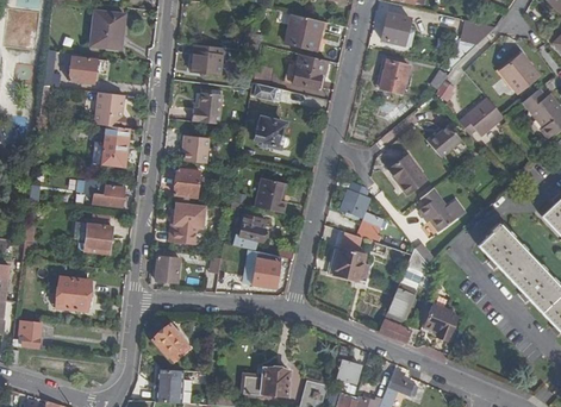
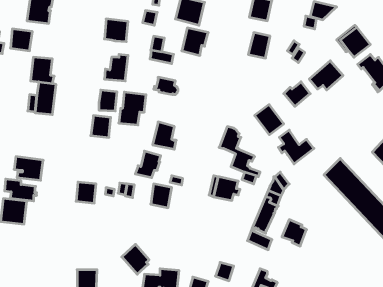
building: [85,177,126,206] -> [5,179,37,201]
building: [169,201,205,244] -> [119,92,146,125]
building: [151,321,187,361] -> [122,244,149,274]

